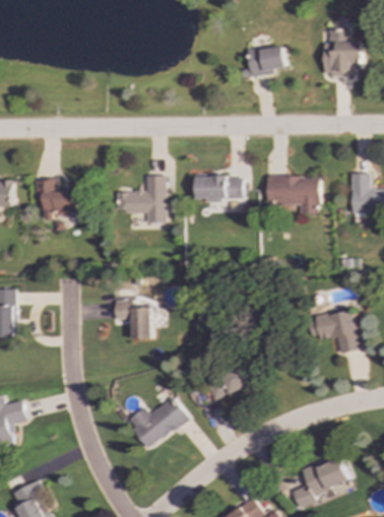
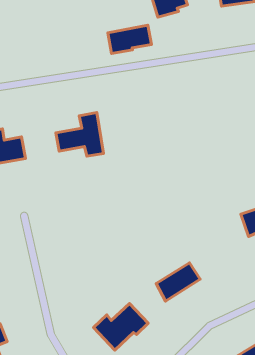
building: [195,176,243,202] -> [108,25,151,54]
building: [267,177,319,214] -> none
building: [113,301,151,339] -> none

